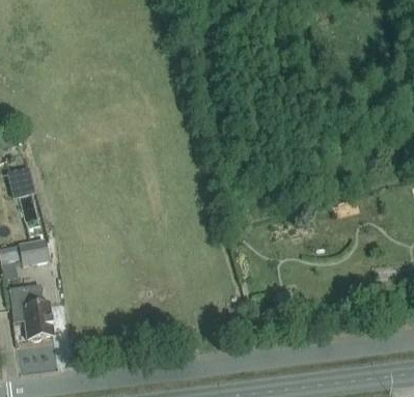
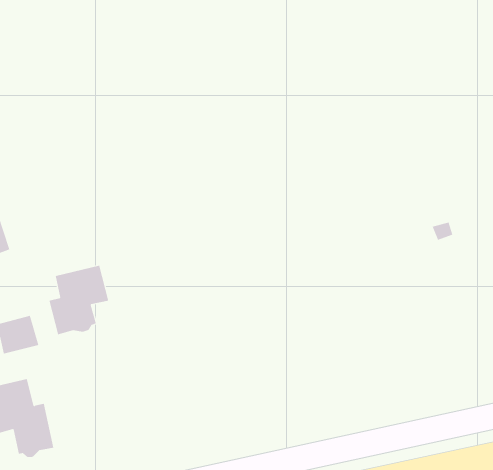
building: none -> [49,265,109,335]

